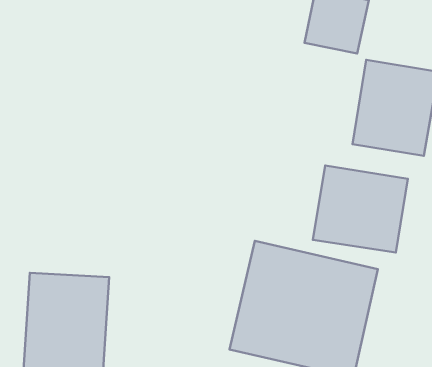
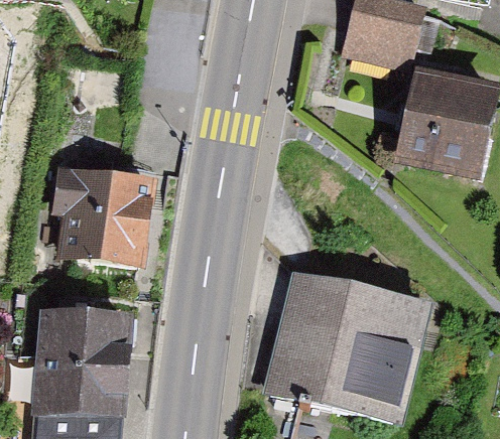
building: none -> [51,168,153,267]
building: [313,165,408,252] -> none

